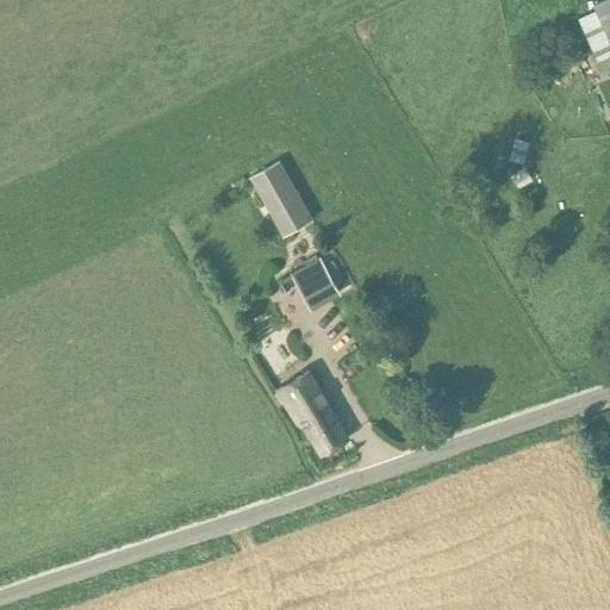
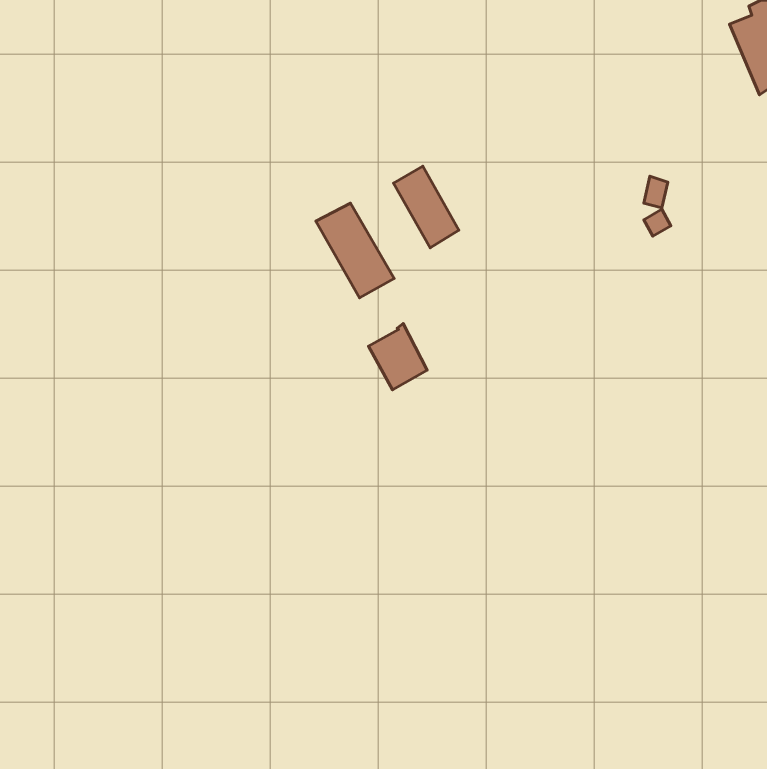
building: none -> [393,166,459,248]
building: [279,372,349,454] -> none

